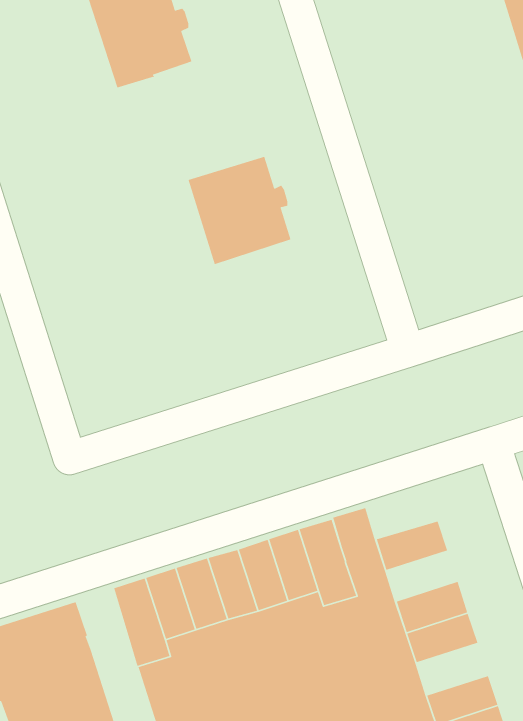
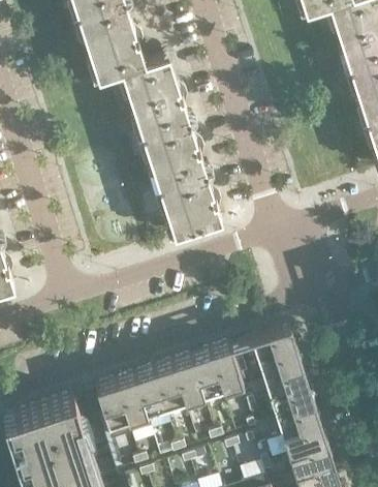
building: none -> [120,59,188,139]
building: none -> [157,176,221,239]
building: none -> [250,328,294,360]
building: none -> [262,367,307,398]
building: none -> [281,424,325,456]

